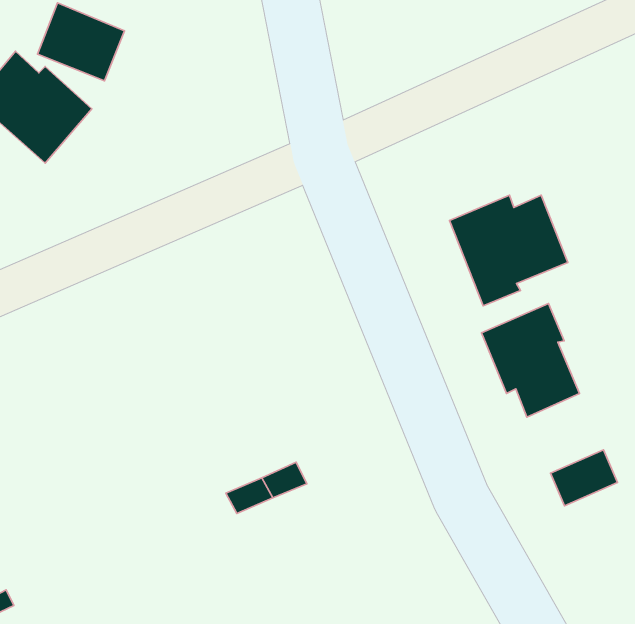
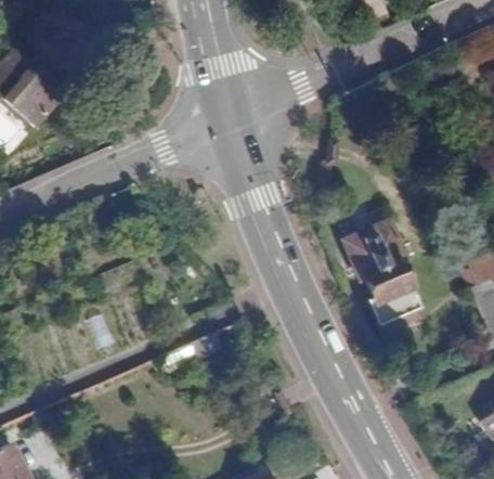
building: [449,195,568,306] -> none
building: [551,450,618,506] -> [373,283,419,322]

